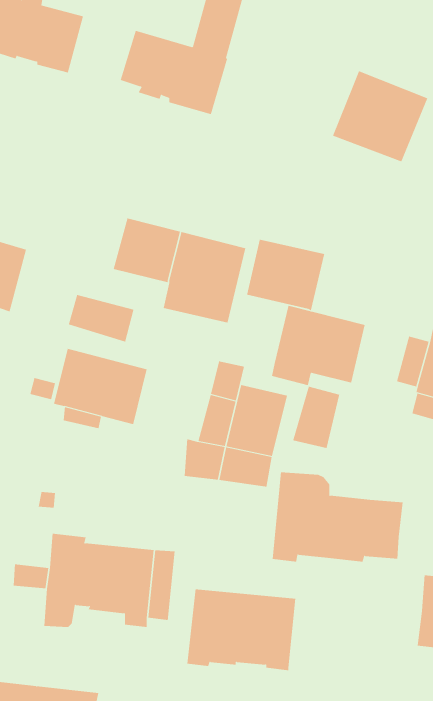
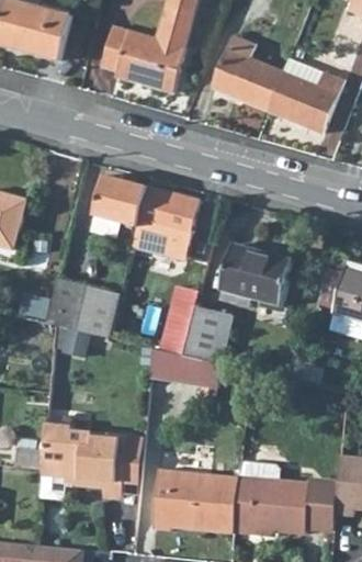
building: none -> [212,36,282,110]
building: [246,239,325,311] -> none
building: [68,294,134,343] -> none
building: [292,386,340,449] -> none
building: [272,472,404,562] -> [233,461,337,532]

